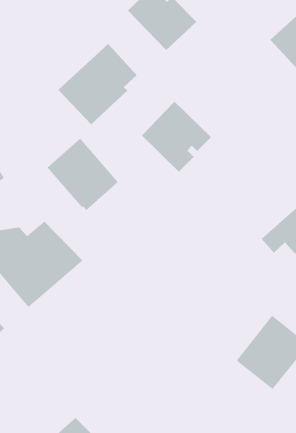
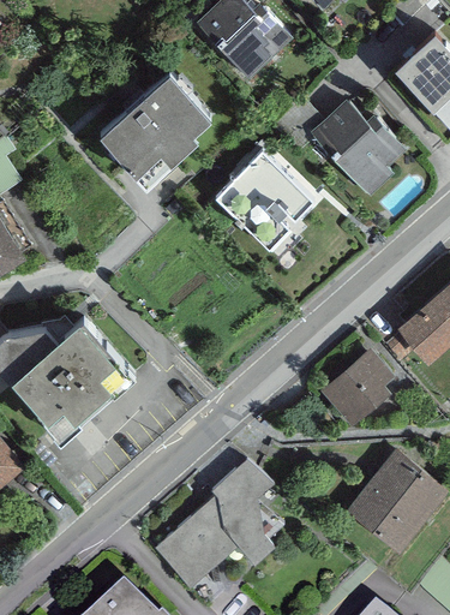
building: none -> [308,101,406,198]
building: [47,138,118,211] -> none
building: none -> [319,348,391,428]
building: none -> [155,461,284,590]

